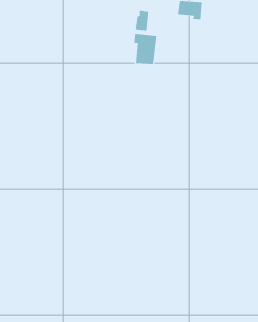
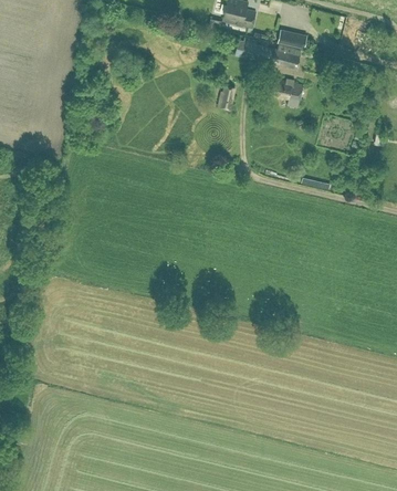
building: [134,33,157,65] -> none

